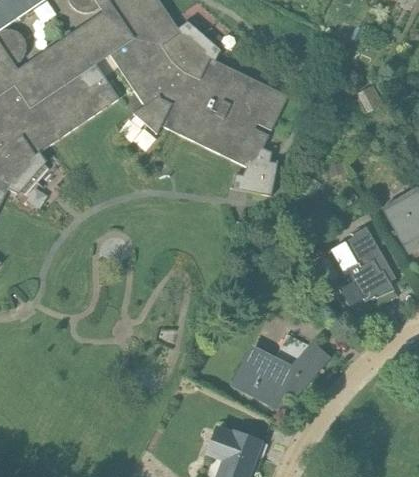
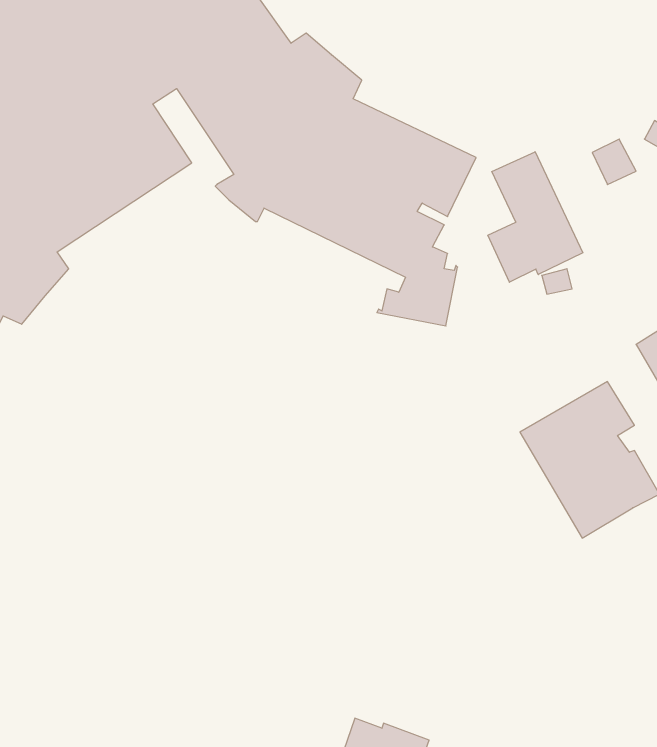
building: none -> [488,152,583,282]
building: [234,346,325,405] -> none

